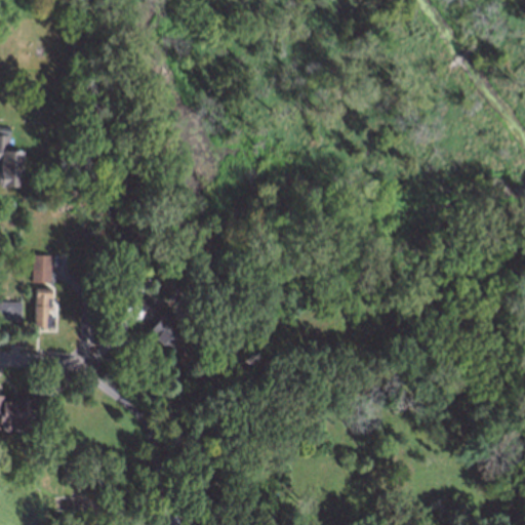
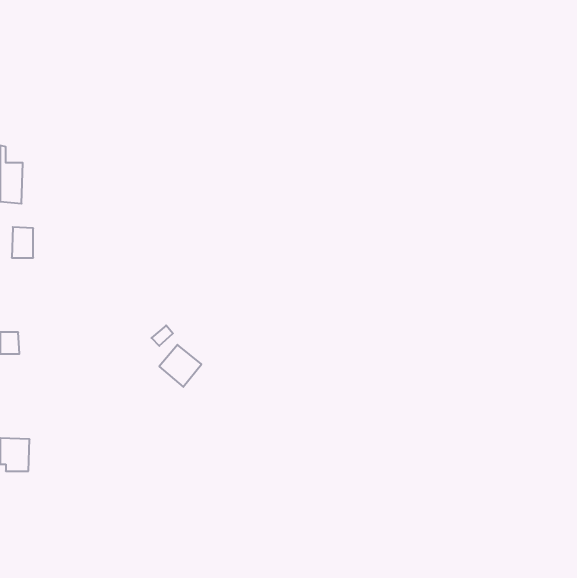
building: [31,255,50,283] -> [12,227,33,258]
building: [34,289,51,329] -> none

